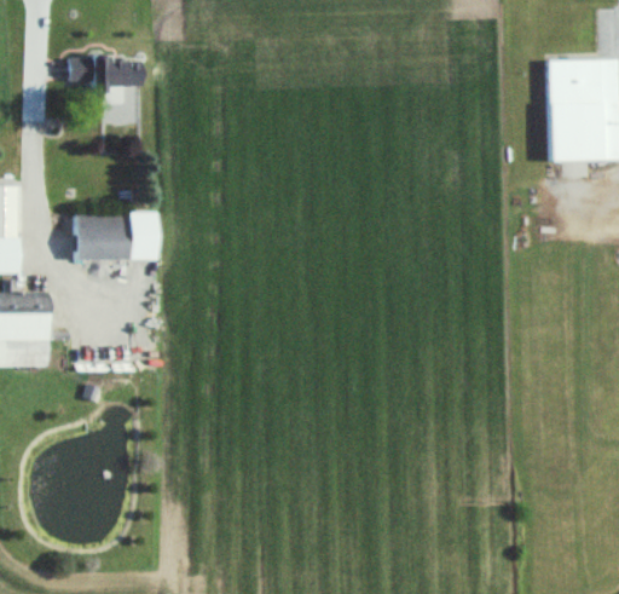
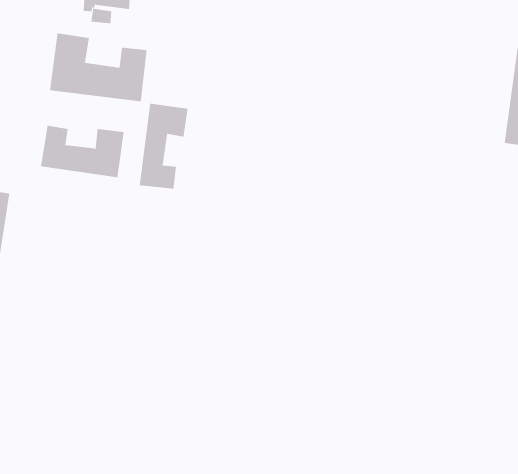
building: none -> [49,32,147,102]
building: none -> [139,103,188,190]

